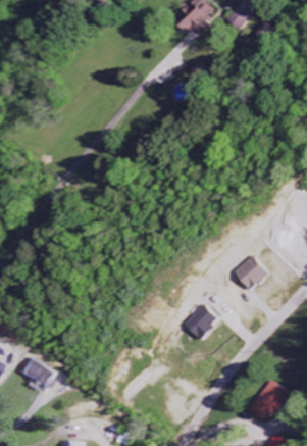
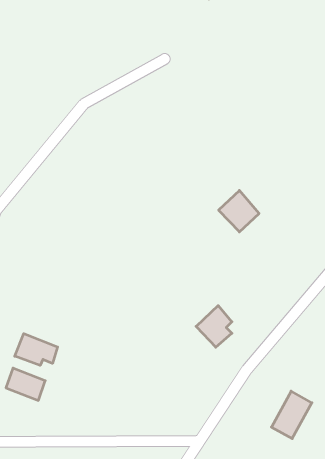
building: [235,253,270,290] -> [219,190,259,232]
building: none -> [15,334,58,365]

